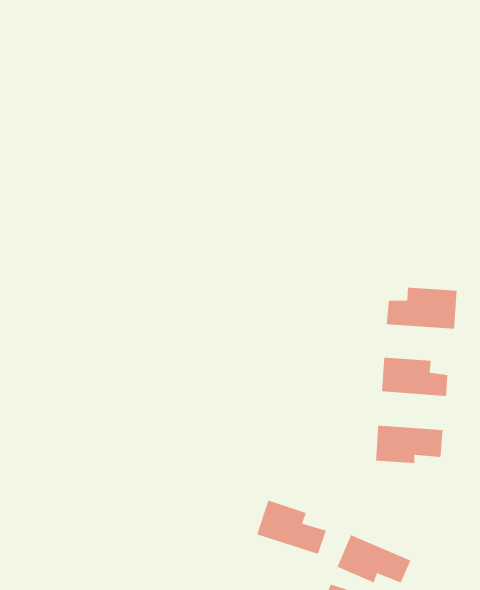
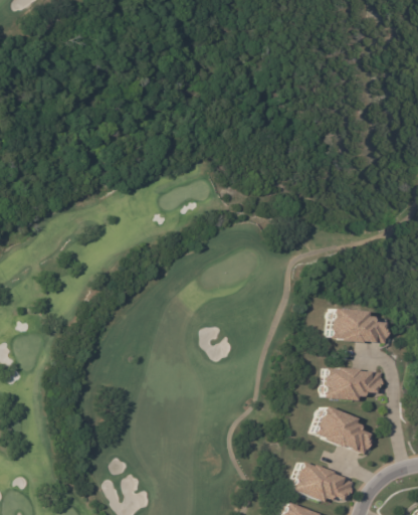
building: [386,287,458,330] -> none
building: [256,500,327,555] -> [315,406,375,454]

